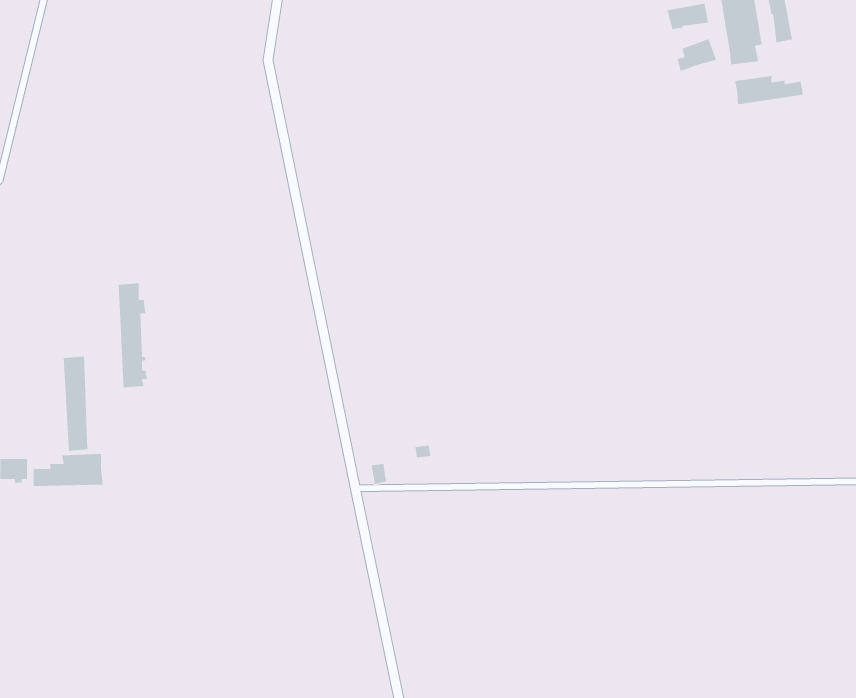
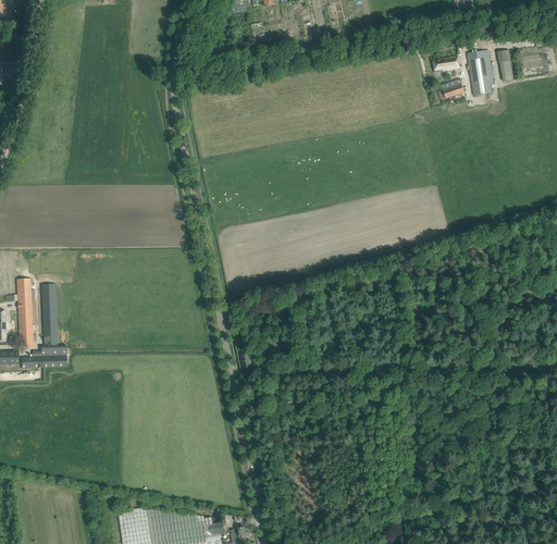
building: [734,75,804,105] -> none
building: [118,282,148,388] -> [16,277,36,346]

